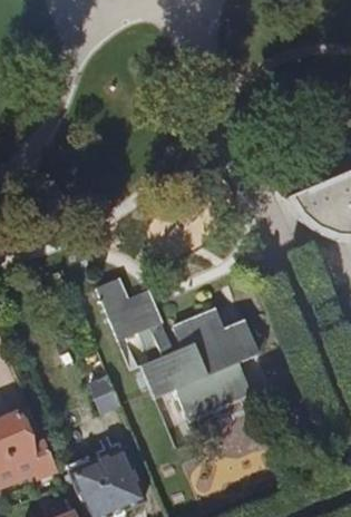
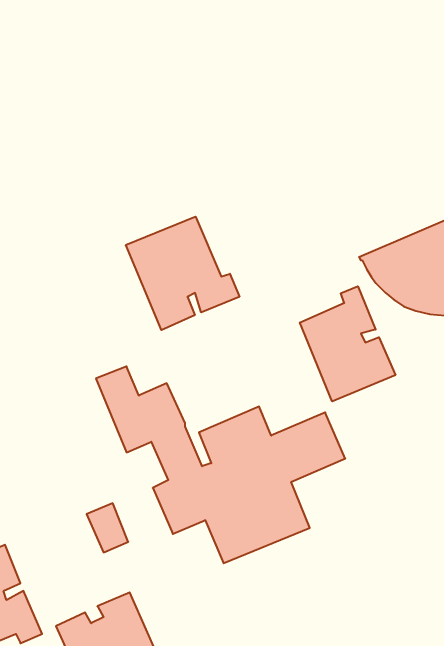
building: none -> [126,217,239,330]
building: none -> [300,286,395,401]

